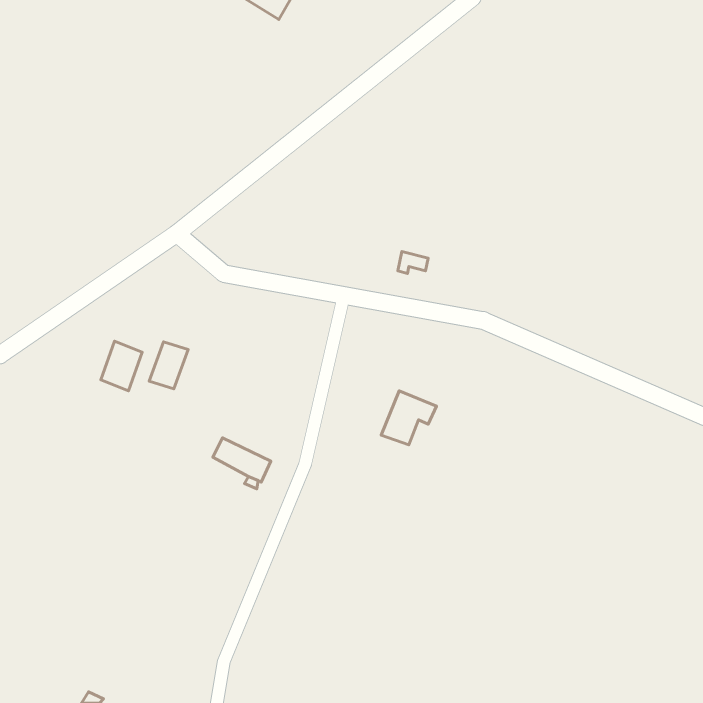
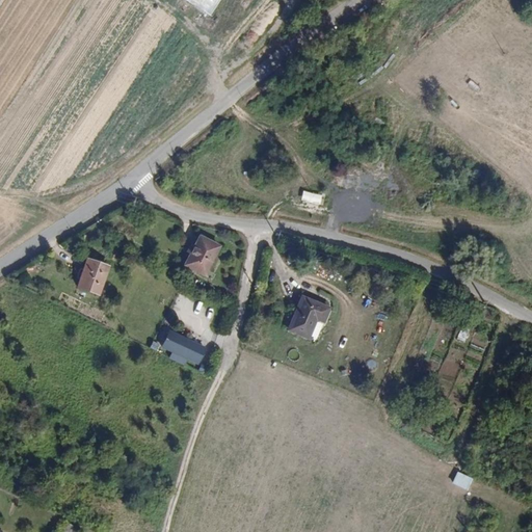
building: none -> [185,234,220,274]
building: [149,342,188,389] -> none

